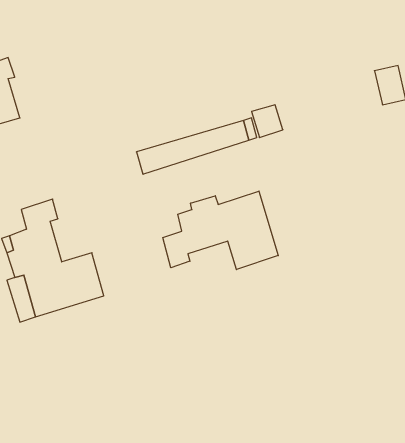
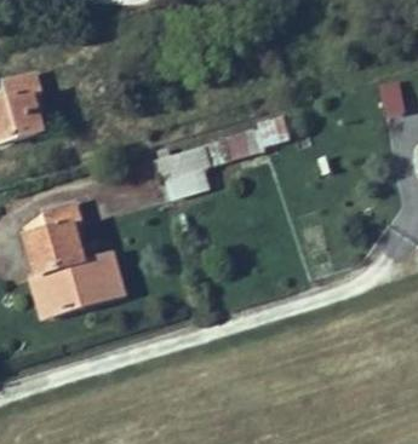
building: [163,191,278,270] -> none

